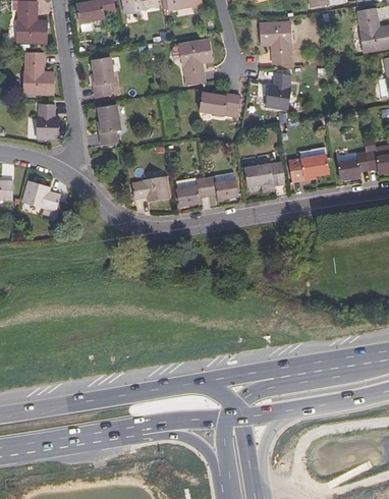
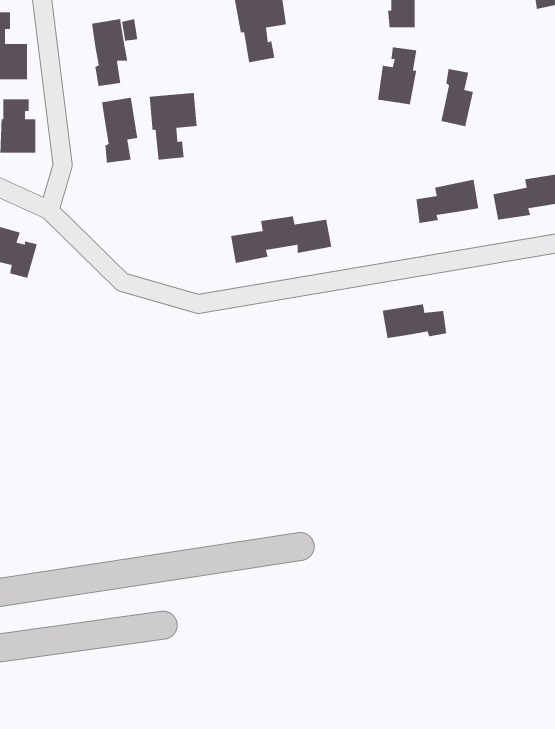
building: none -> [440,68,474,127]
building: [199,93,239,114] -> none
building: none -> [149,92,198,160]
building: [244,164,284,185] -> [382,304,447,339]
building: [132,175,169,201] -> none

